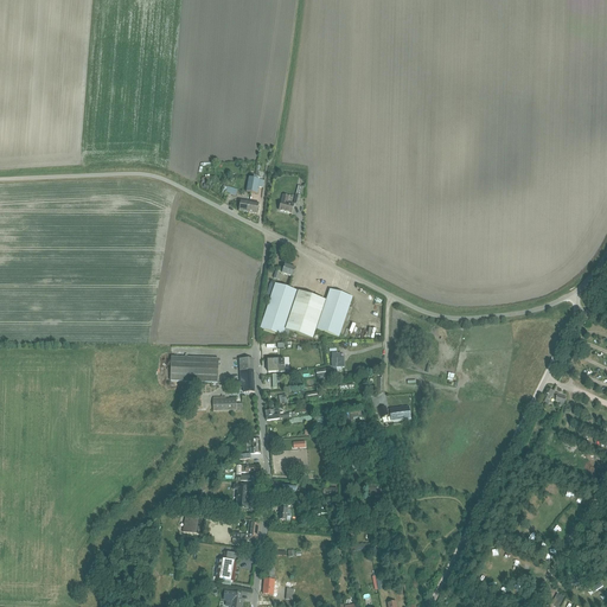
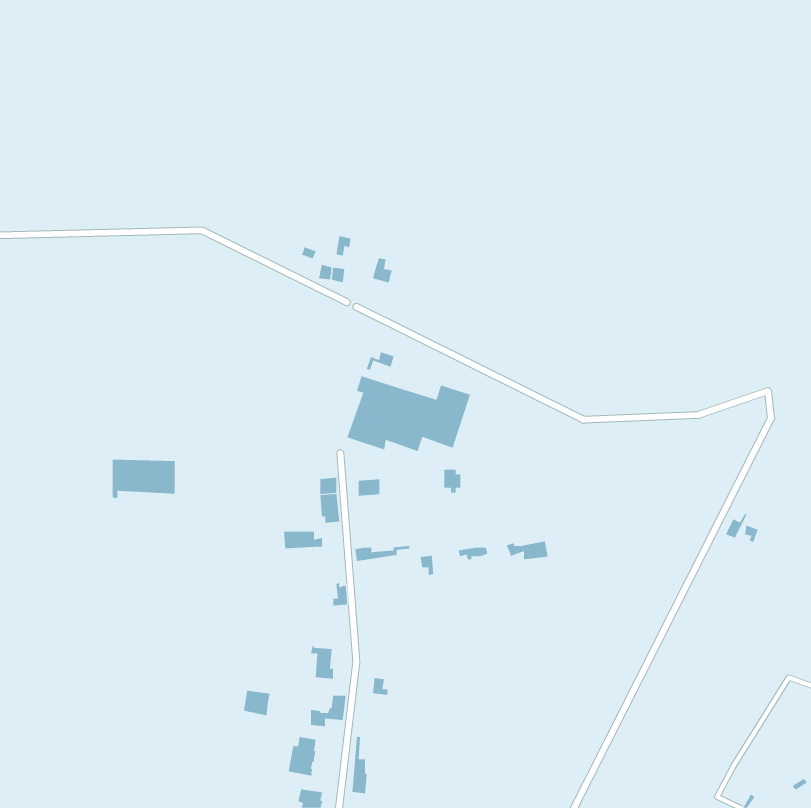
building: [170,354,217,384] -> [112,459,175,499]

